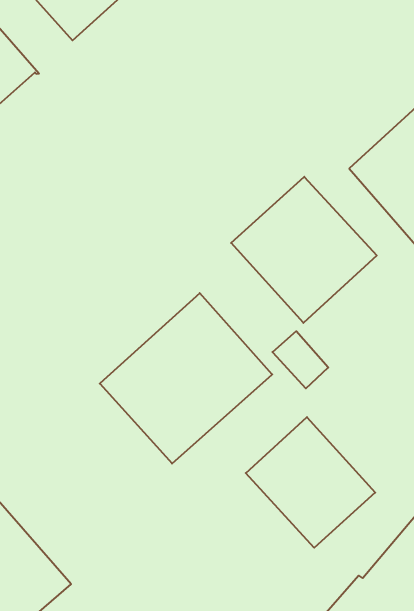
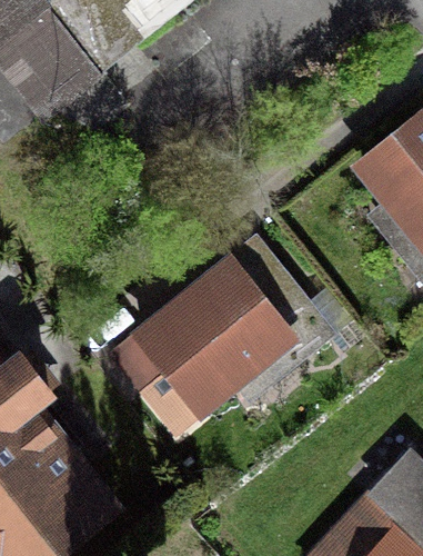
building: [231,177,377,323] -> none
building: [246,417,375,548] -> none

